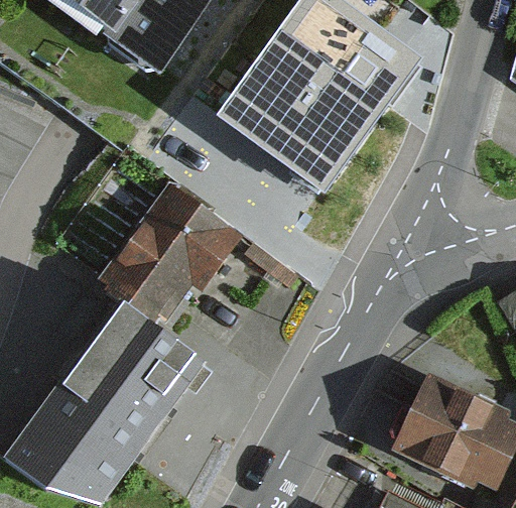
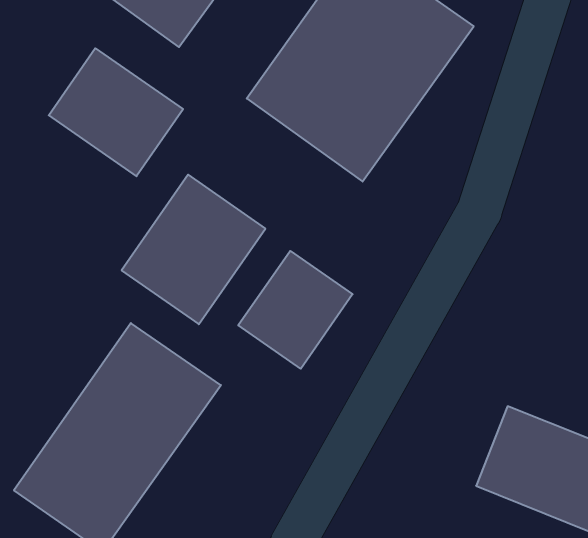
building: none -> [49,48,183,176]
building: none -> [238,251,353,369]

